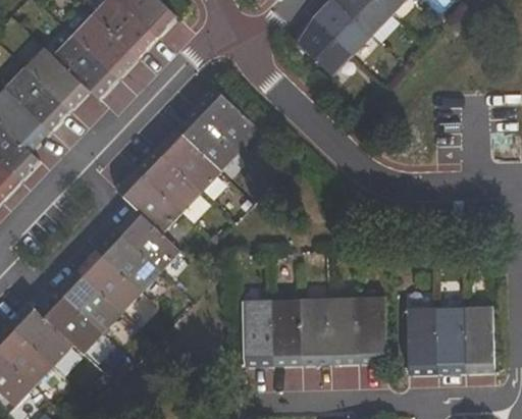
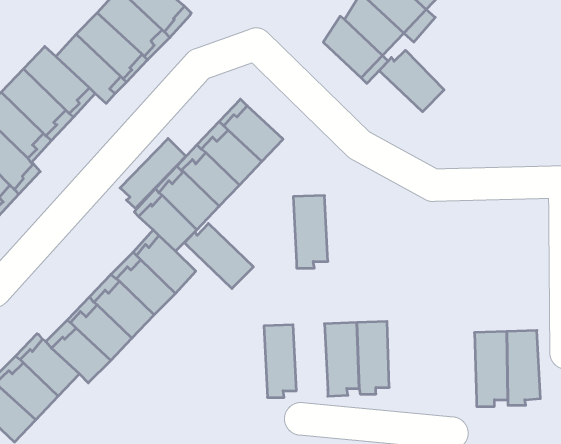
building: none -> [379,50,444,112]
building: none -> [120,138,186,208]
building: none -> [184,223,253,289]
building: [354,296,385,362] -> none
building: [268,299,300,365] -> [293,196,328,268]
building: [405,307,435,375] -> none

